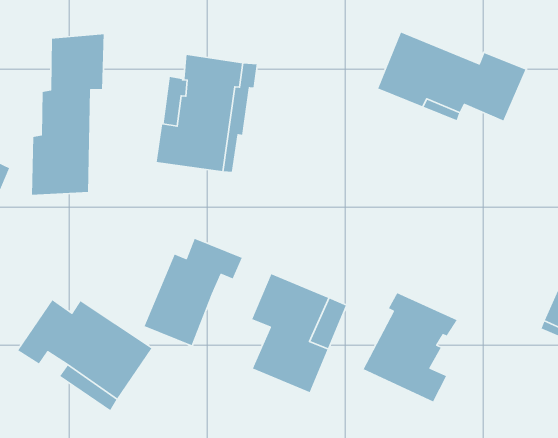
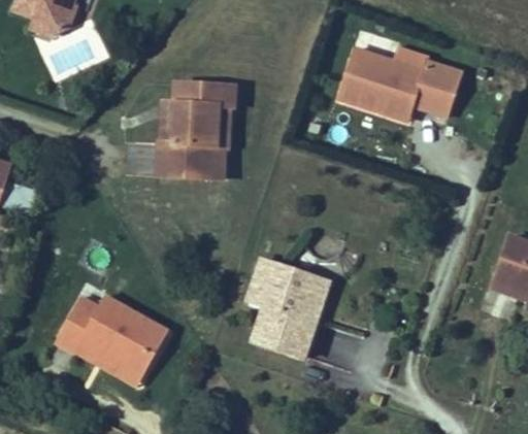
building: [31,34,104,195] -> none
building: [144,238,243,346] -> none
building: [363,292,458,402] -> none

